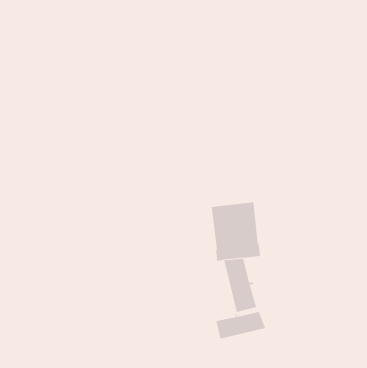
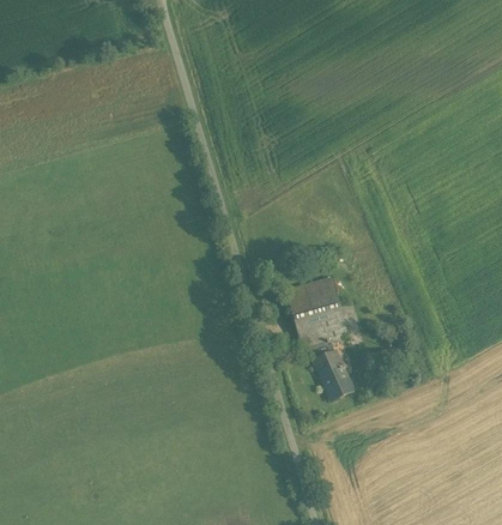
building: [216,311,266,339] -> none

